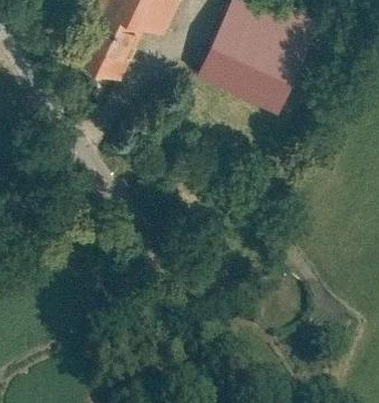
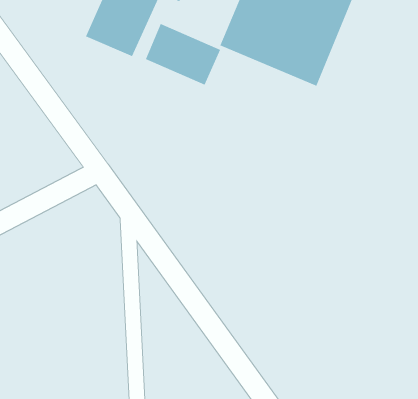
building: none -> [145,23,221,85]

